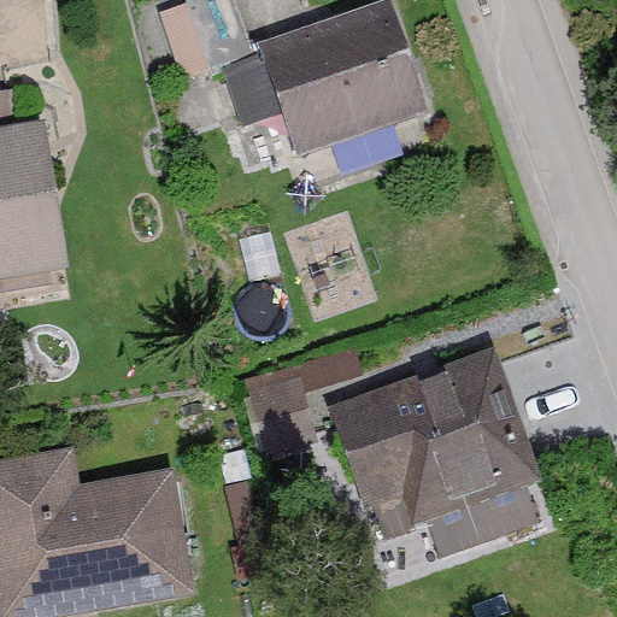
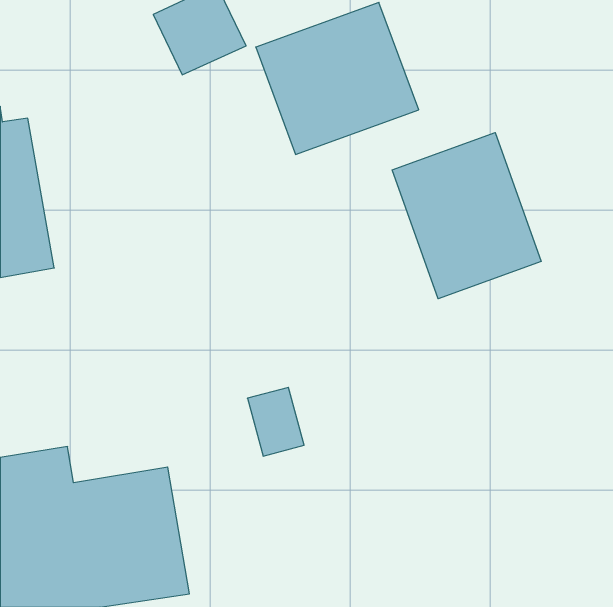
building: none -> [392,133,541,299]
building: [324,349,539,556] -> none

